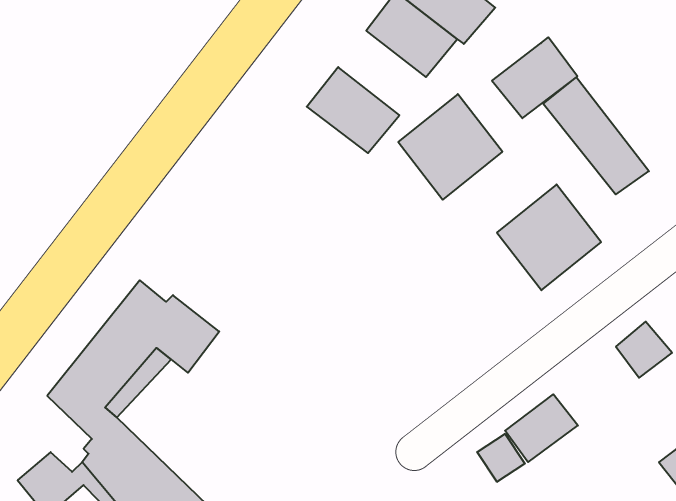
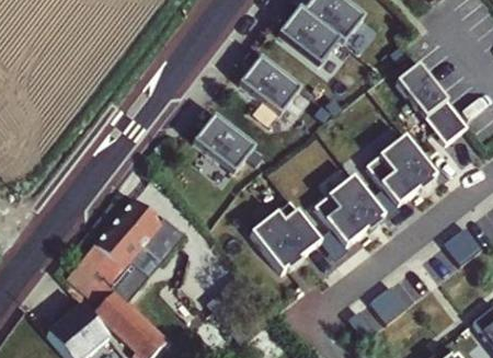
building: [492,37,577,118] -> none
building: [398,94,502,200] -> [314,174,383,244]
building: none -> [196,114,256,171]
building: none -> [251,200,320,270]

